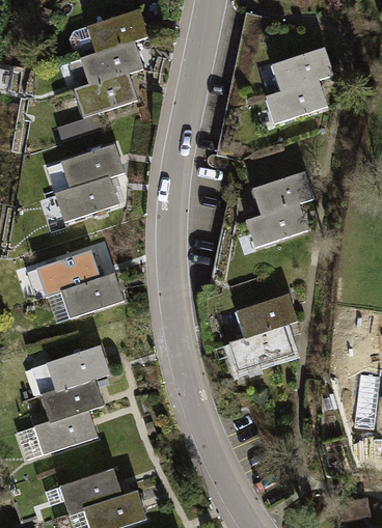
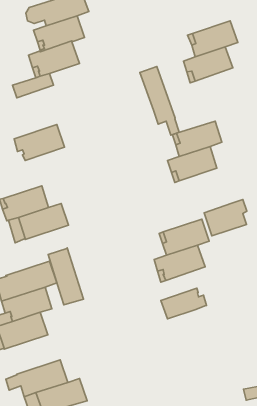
building: none -> [140,67,179,135]
building: [48,144,124,194] -> none
building: none -> [204,200,247,236]
building: none -> [48,248,84,305]
building: none -> [161,288,206,319]

